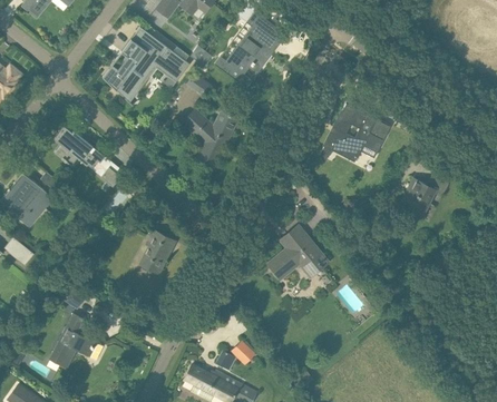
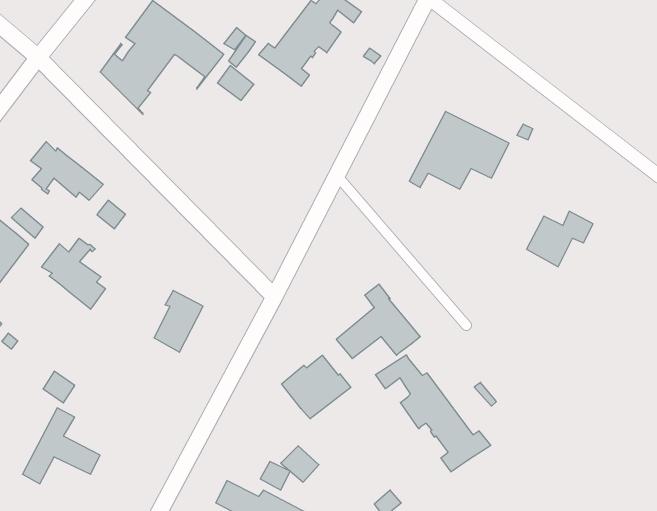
building: [183,108,238,168] -> none
building: none -> [42,238,105,309]
building: none -> [375,355,491,472]
building: none -> [282,355,351,419]

